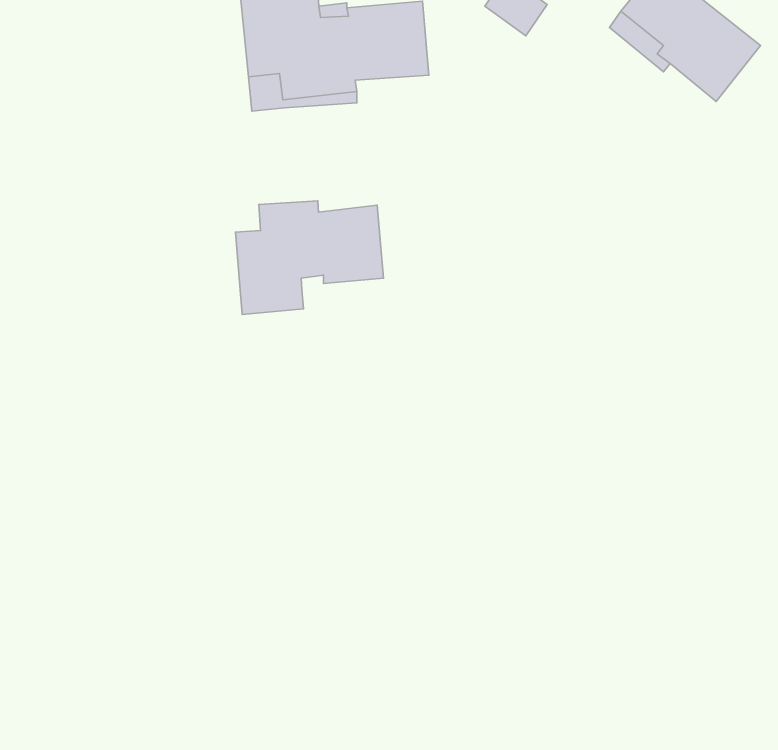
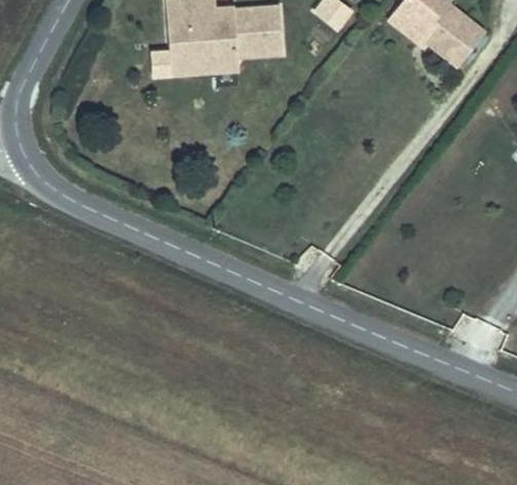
building: [235,201,384,315] -> none

